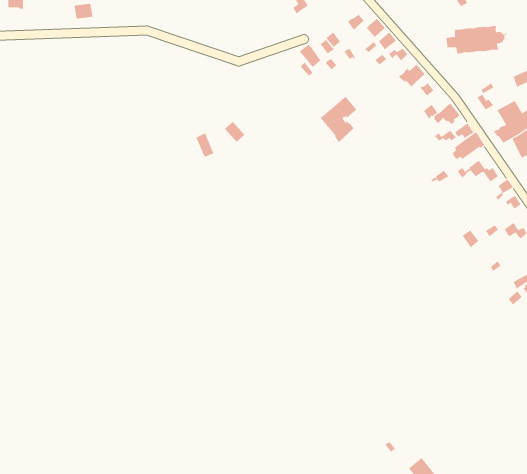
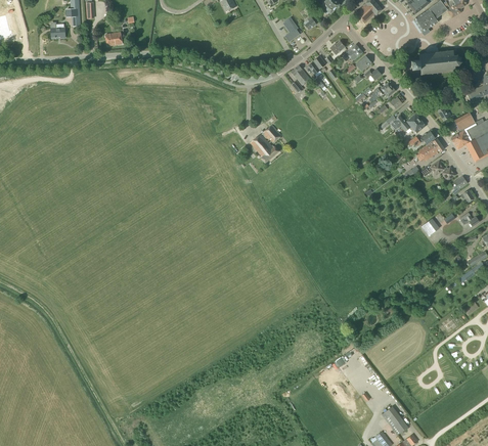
building: [320,96,357,143] -> [250,124,280,163]

